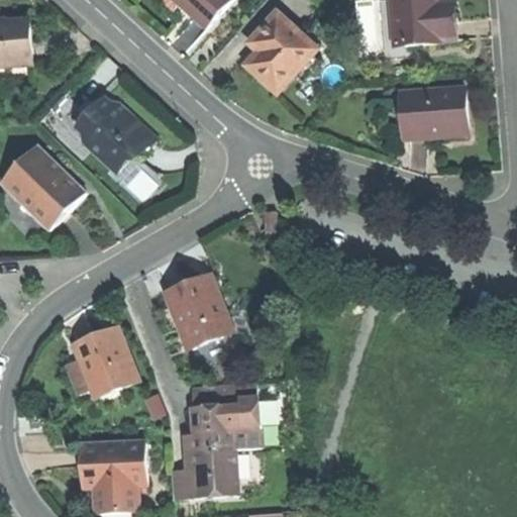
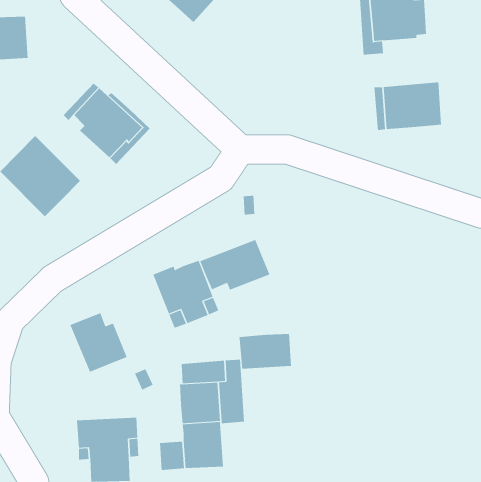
building: [239,16,311,99] -> none
building: none -> [199,239,270,291]
building: none -> [239,333,292,369]

